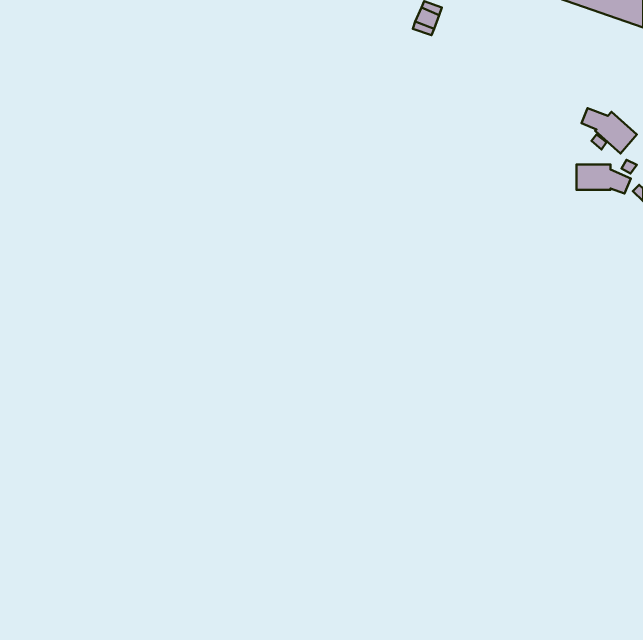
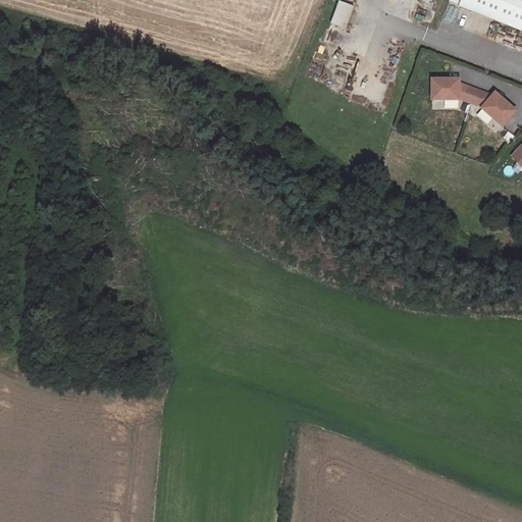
building: [577,165,631,194] -> [432,76,476,100]

